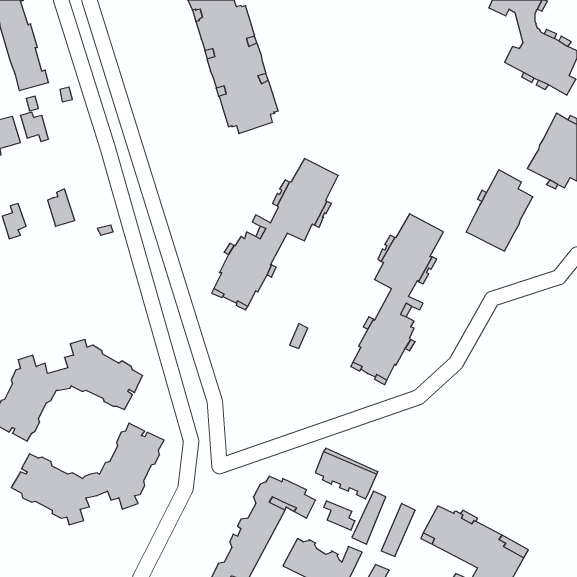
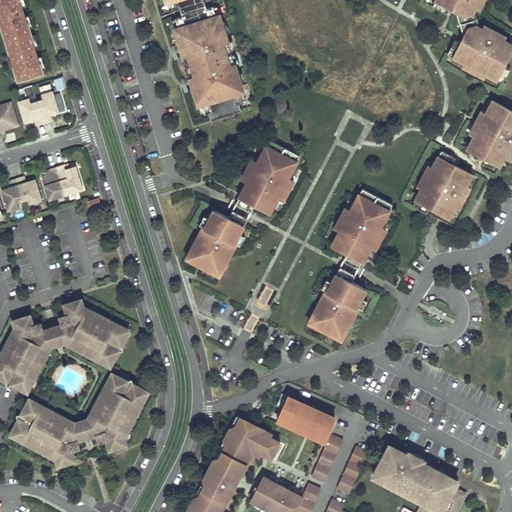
building: none -> [37,92,58,124]
building: none -> [57,166,81,196]
building: none -> [16,179,41,205]
building: [324,501,355,530] -> none

